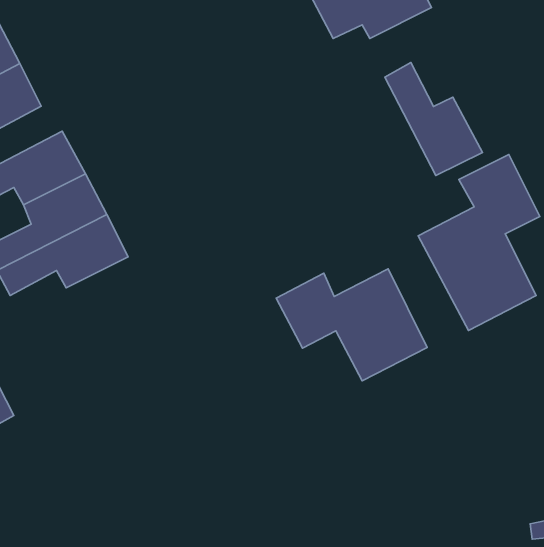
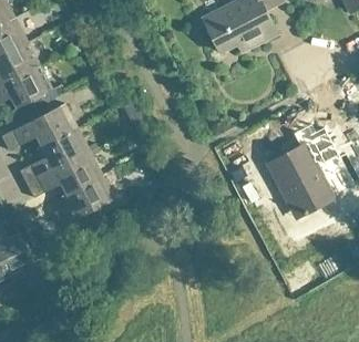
building: [385,62,482,176] -> none
building: none -> [55,175,114,225]
building: [276,269,427,381] -> none

